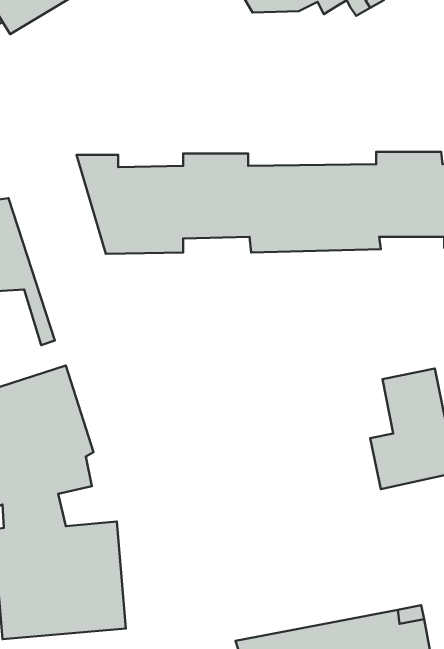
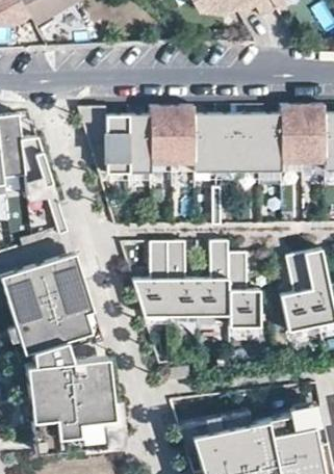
building: none -> [134,243,261,330]

